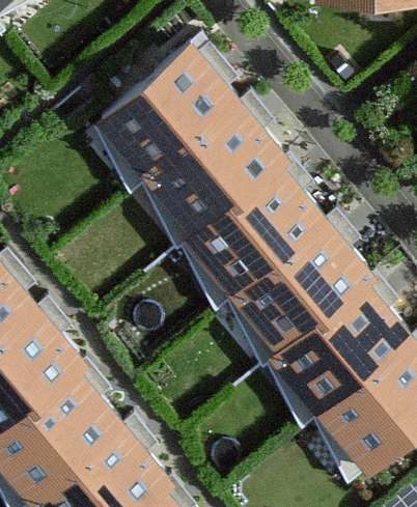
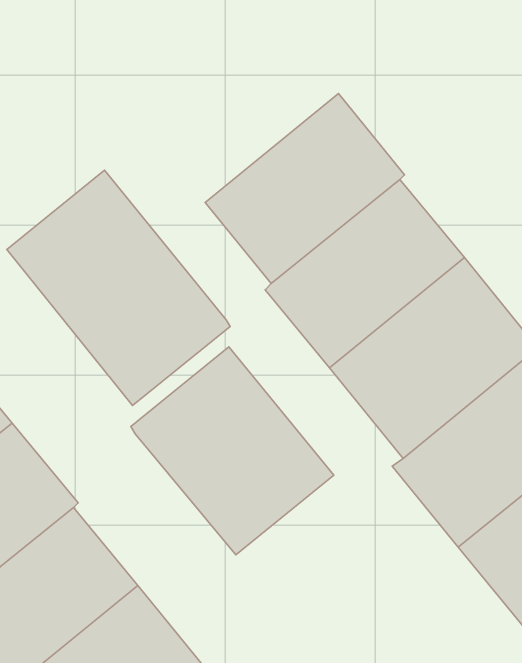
building: [119,59,253,186] -> none
building: none -> [7,170,230,406]
building: none -> [131,347,334,555]

